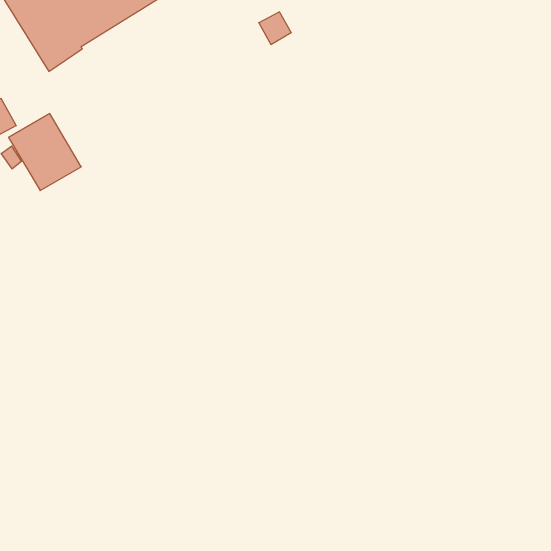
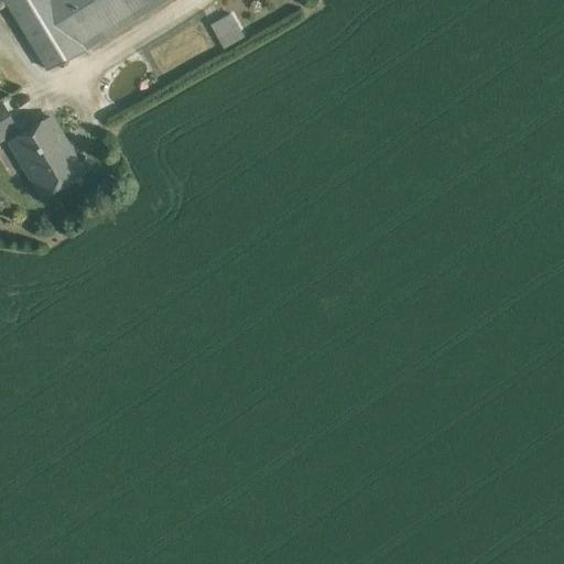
building: [259,12,291,44] -> [209,13,242,46]

